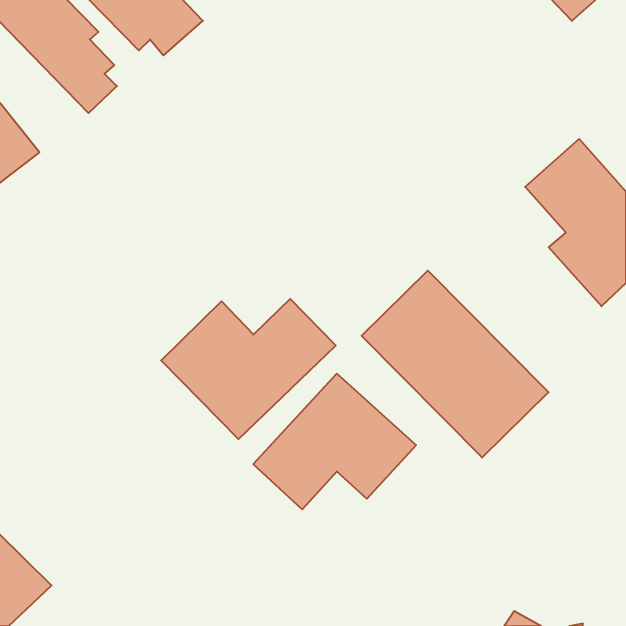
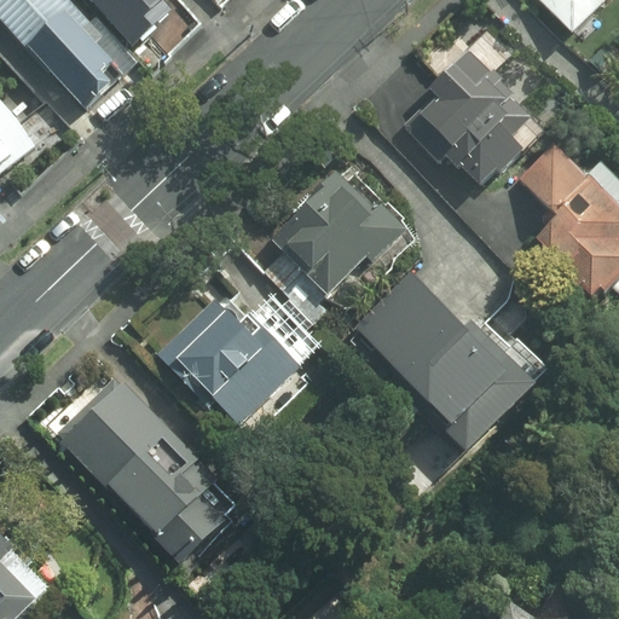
building: none -> [406,56,537,178]
building: none -> [271,166,404,297]
building: none -> [35,363,228,551]
building: [253,374,416,509] -> none

